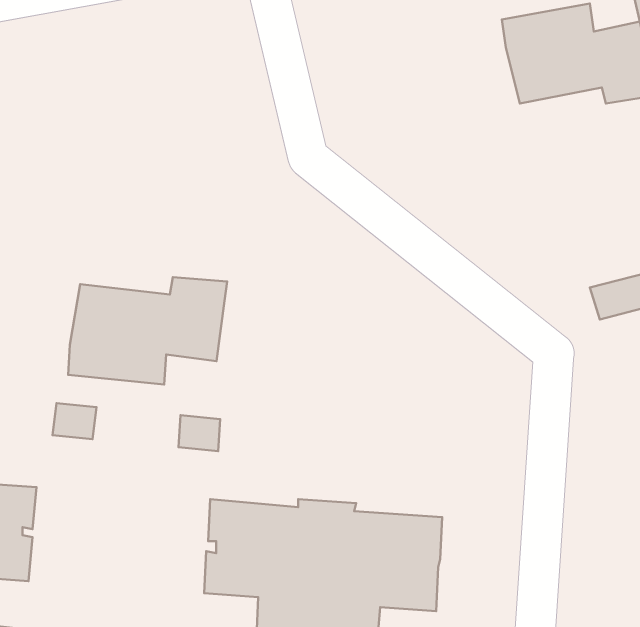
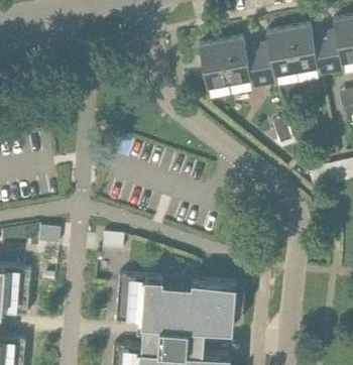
building: none -> [198,38,275,90]
building: [68,277,227,384] -> none

